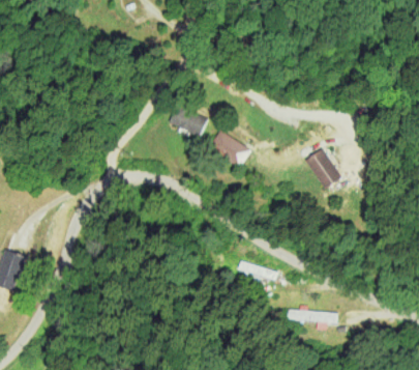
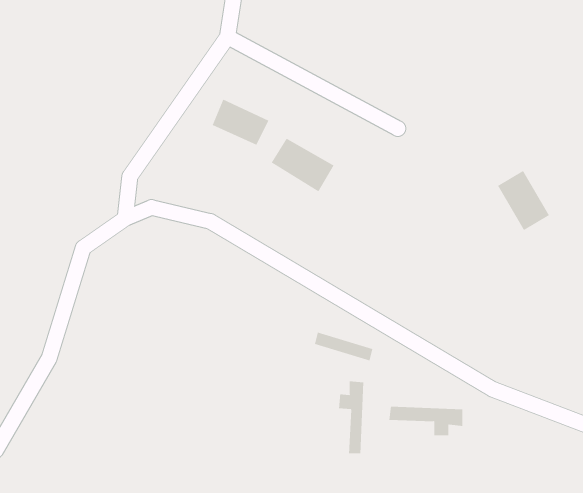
building: [305,148,340,189] -> [497,170,550,231]
building: none -> [339,381,364,454]

